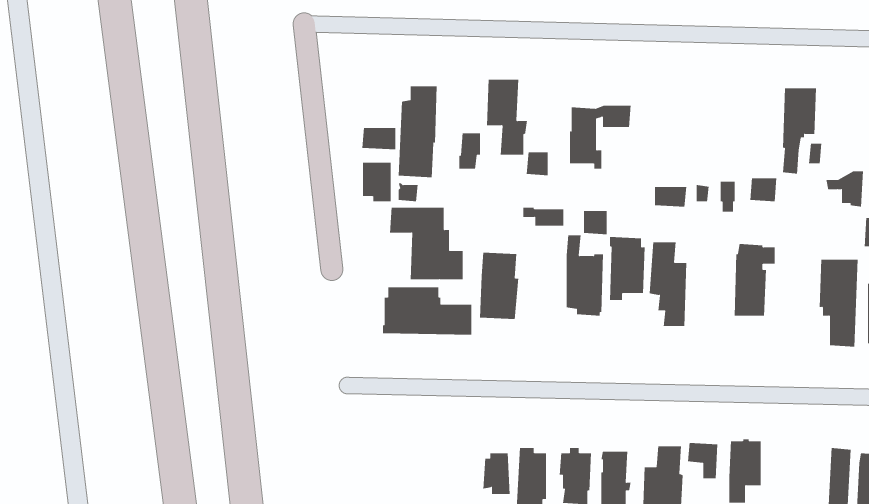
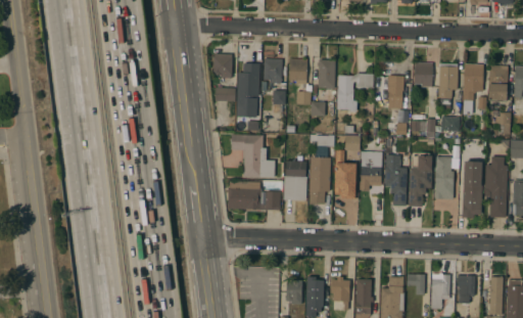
building: none -> [264,59,282,84]
building: none -> [317,60,335,88]
building: none -> [382,62,405,109]
building: none -> [414,62,432,88]
building: none -> [438,64,458,98]
building: none -> [488,65,508,101]
building: [362,162,391,202] -> [215,54,232,78]
building: none -> [308,153,331,205]
building: none -> [410,153,432,207]
building: none -> [463,162,482,218]
building: none -> [457,275,475,304]

